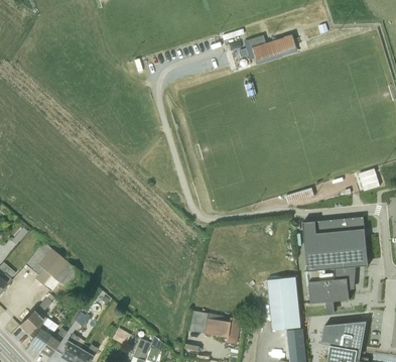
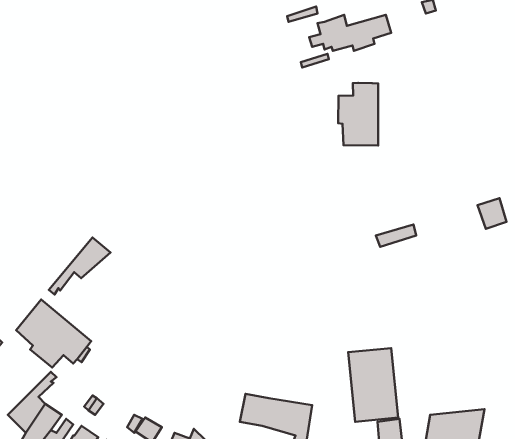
building: none -> [338,83,378,146]
building: none -> [49,237,111,295]
building: [302,217,368,315] -> none

